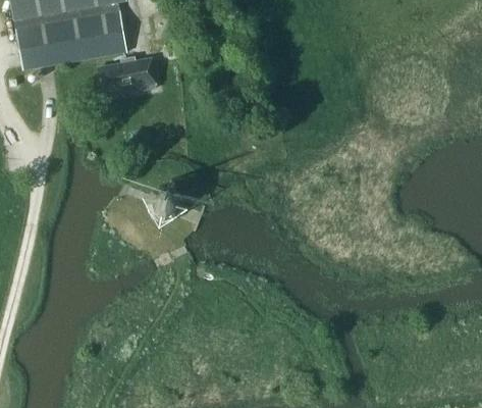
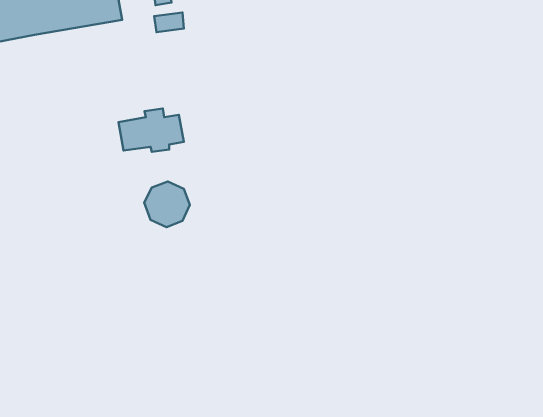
building: [99,56,153,92] -> [119,109,184,152]

